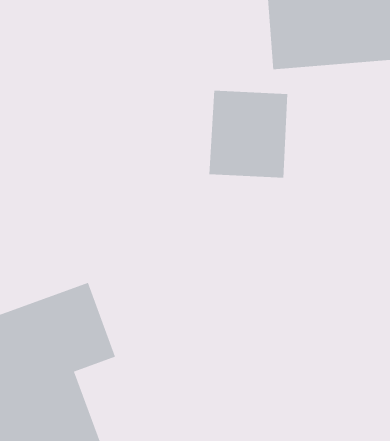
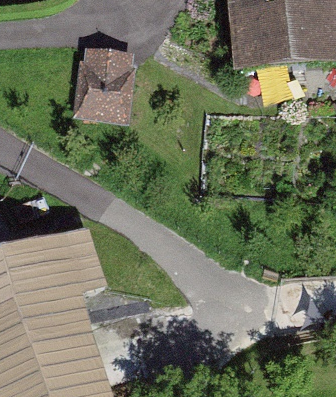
building: [208,90,288,178] -> [75,50,139,121]

